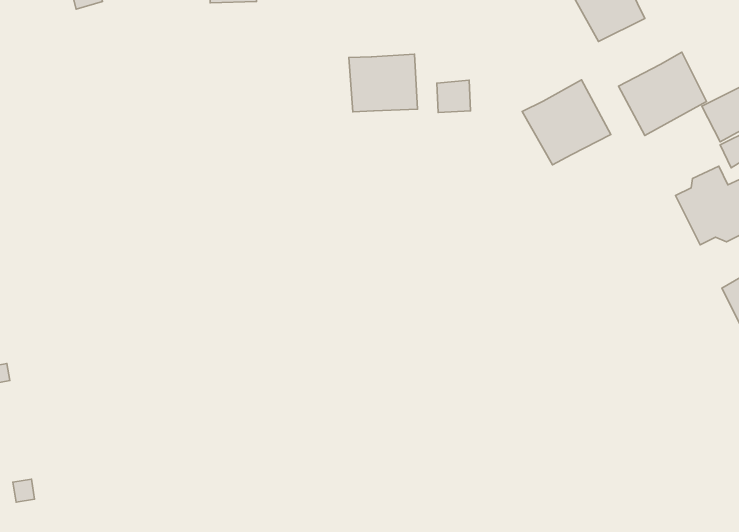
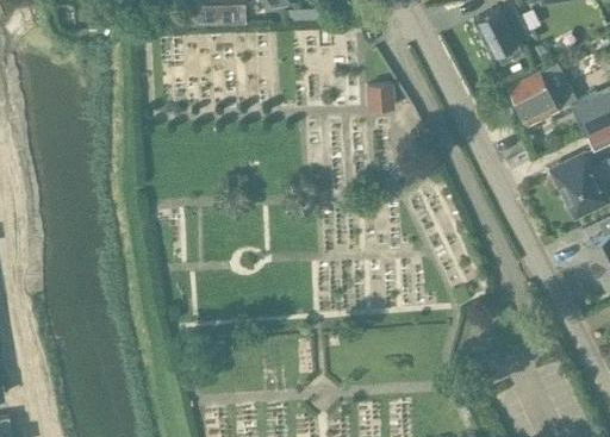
building: [349,54,418,112] -> none
building: [522,80,611,165] -> none

